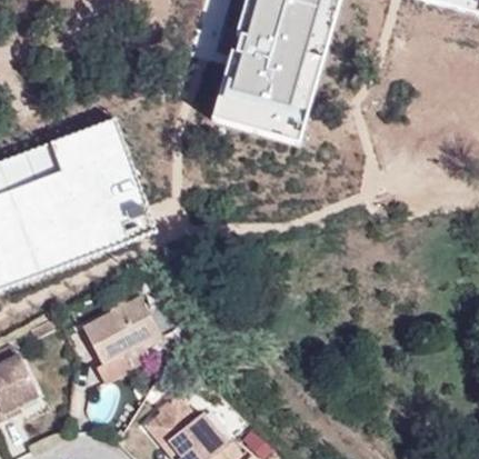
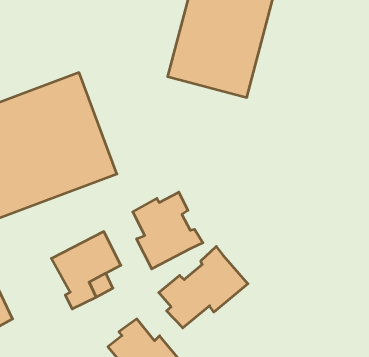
building: none -> [133,192,203,269]
building: none -> [159,246,248,328]

